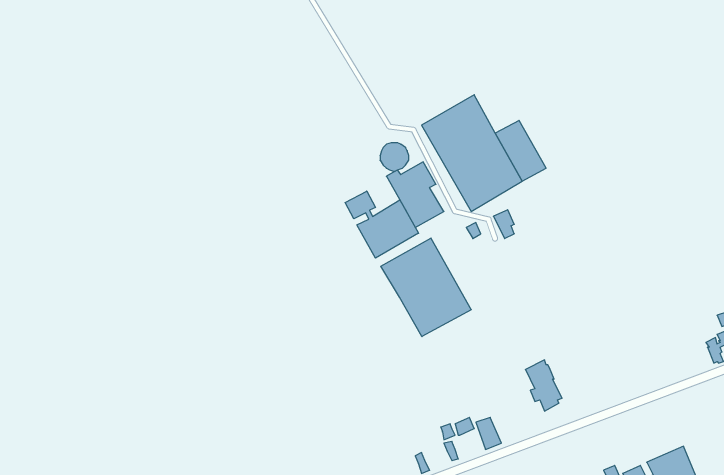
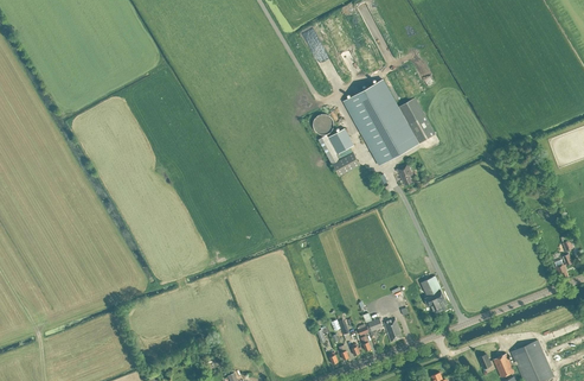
building: [345,191,419,258] -> none
building: [381,238,471,337] -> none

